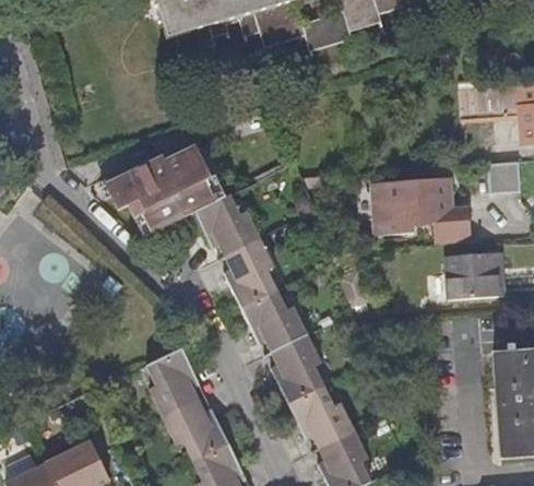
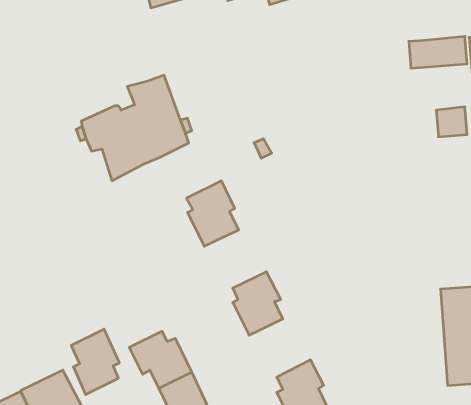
building: [371,178,468,242] -> none
building: [193,195,259,257] -> none
building: [448,251,509,299] -> none
building: [240,291,307,353] -> none
building: [145,346,197,416] -> [71,329,119,395]
building: [288,386,354,448] -> none

